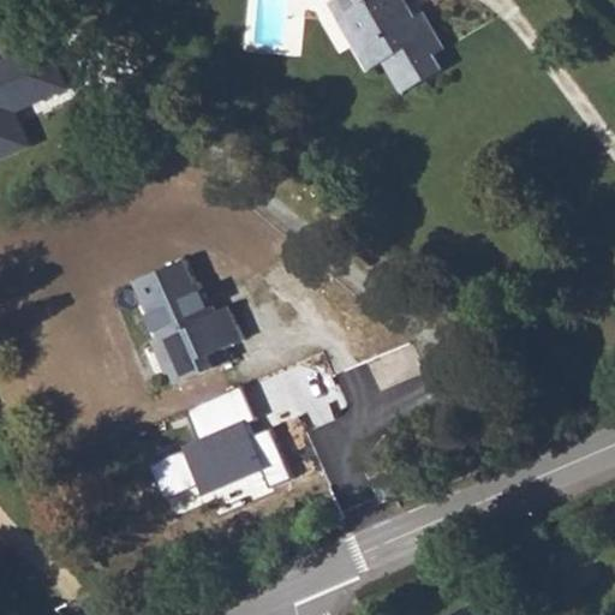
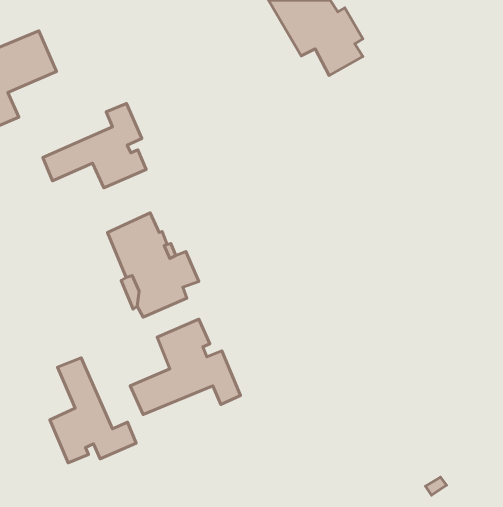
building: none -> [43,103,146,188]
building: none -> [50,358,136,463]

